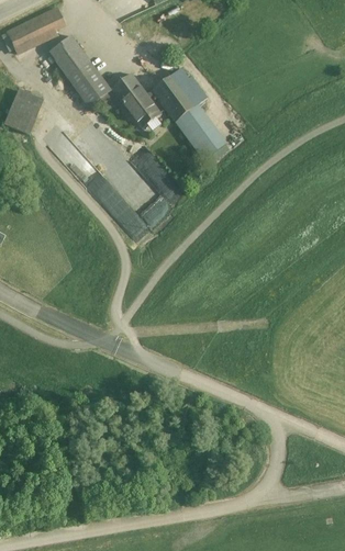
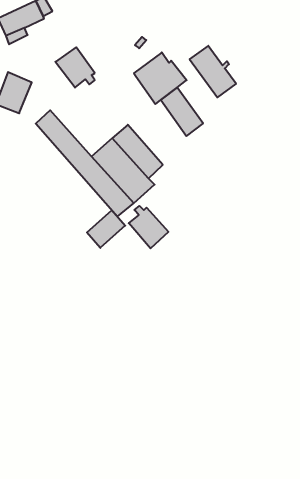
building: [48,34,89,77] -> none
building: [111,72,160,127] -> [190,46,236,97]
building: none -> [129,206,168,248]
building: none -> [87,210,125,248]

